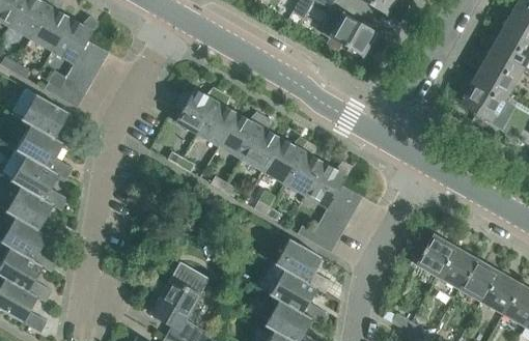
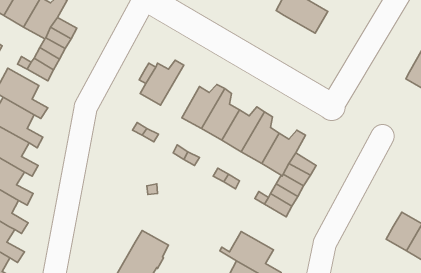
building: [197,90,239,146] -> none
building: [415,234,454,276] -> none
building: [264,237,332,292] -> none

